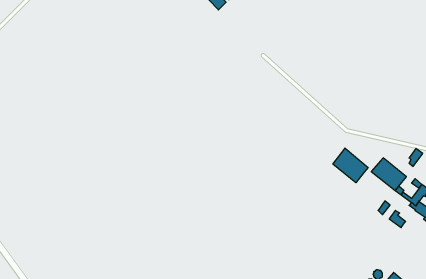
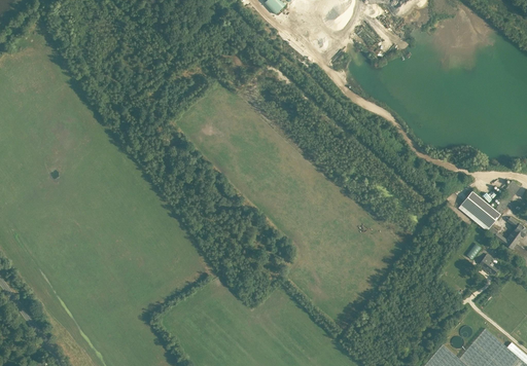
building: [333,148,368,183] -> none

